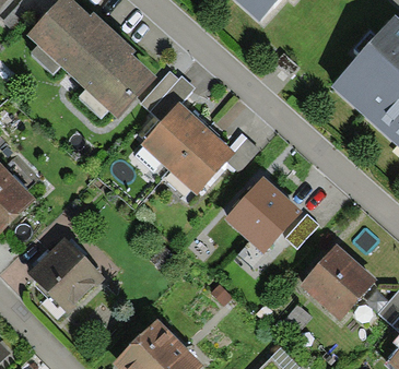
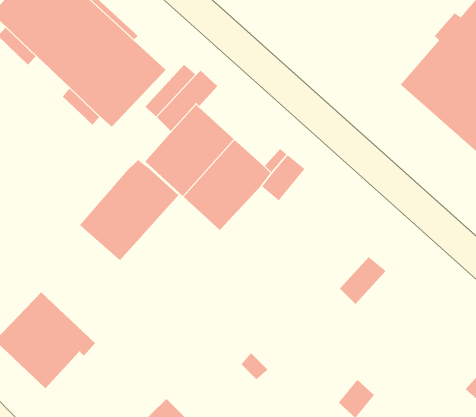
building: none -> [79,159,179,261]
building: [224,175,302,253] -> none
building: [298,242,376,321] -> none

